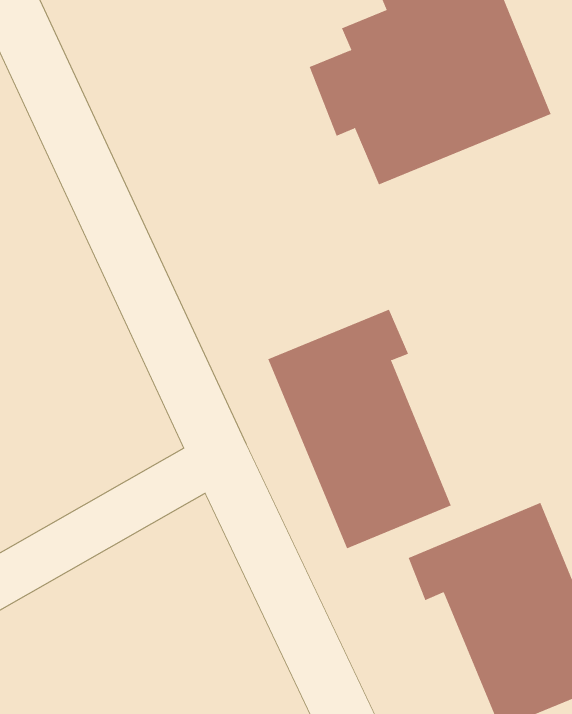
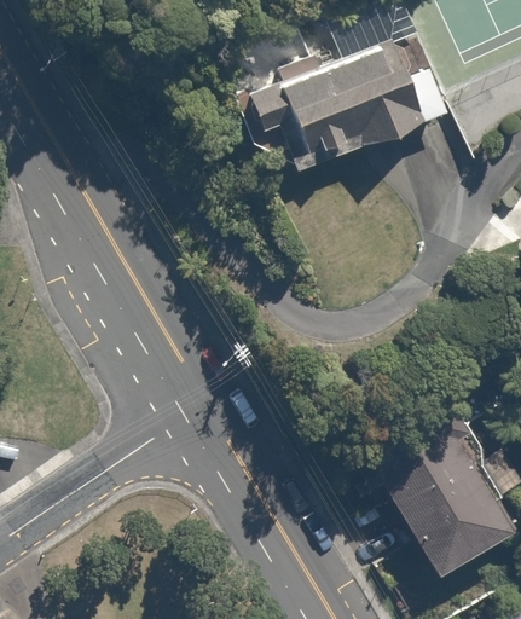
building: [268,309,452,549] -> none

